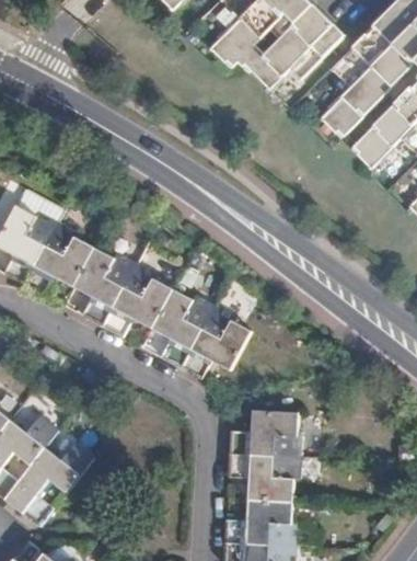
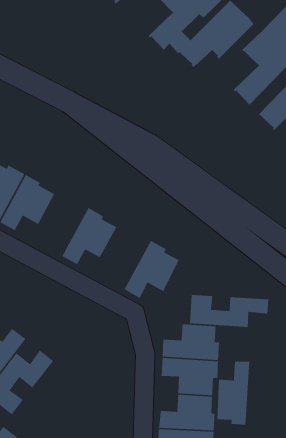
building: [73,247,136,325] -> none
building: [151,288,215,367] -> none
building: none -> [189,294,269,328]
building: none -> [216,361,250,426]

